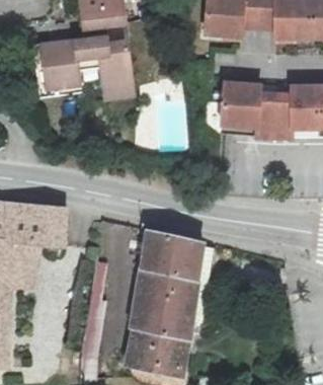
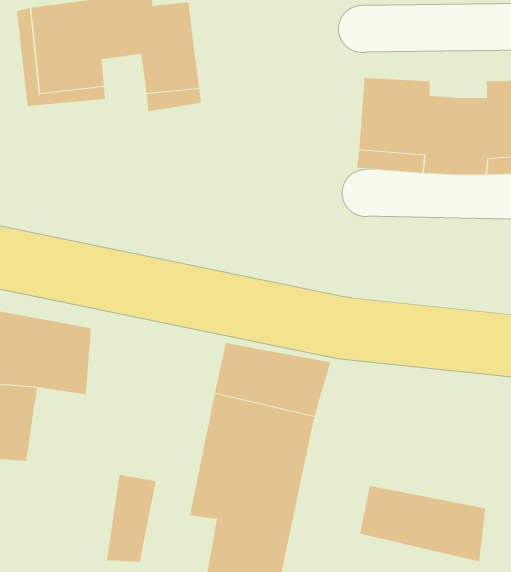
building: none -> [359,485,486,562]

